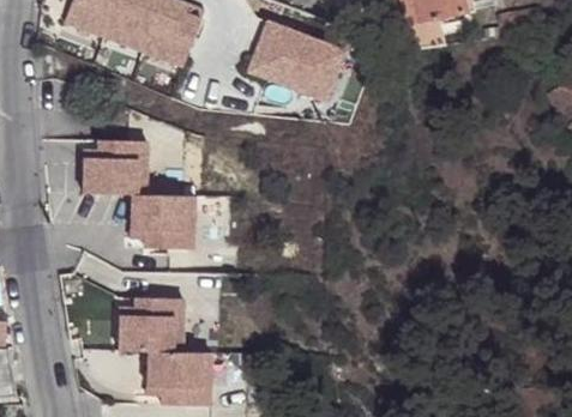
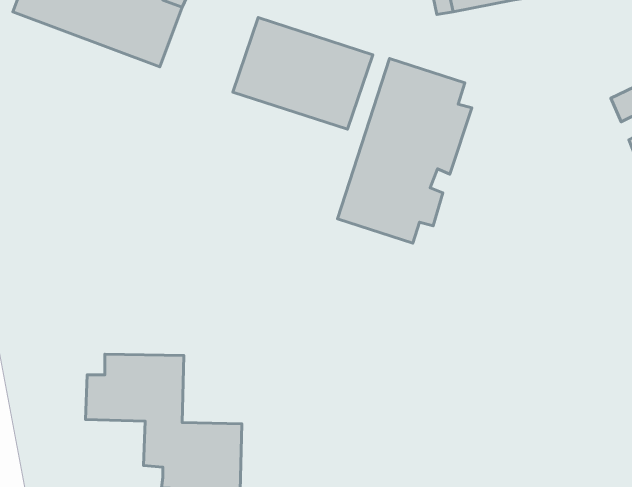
building: none -> [337,58,472,243]
building: [78,139,205,249] -> none

